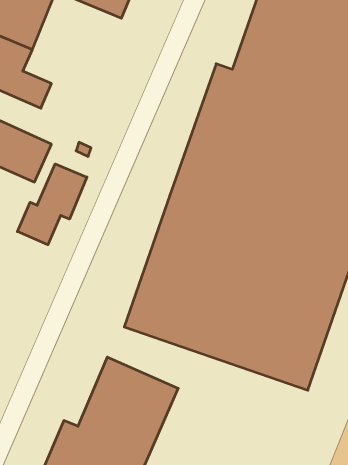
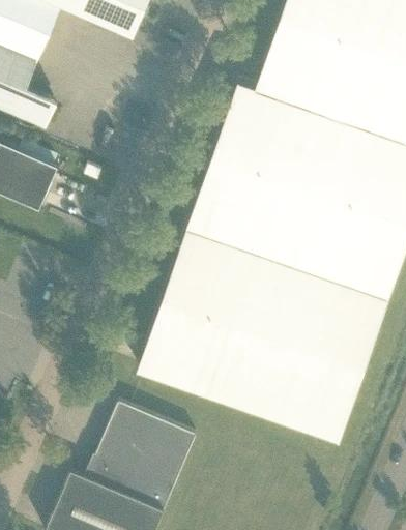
building: [17,164,87,245] -> none

